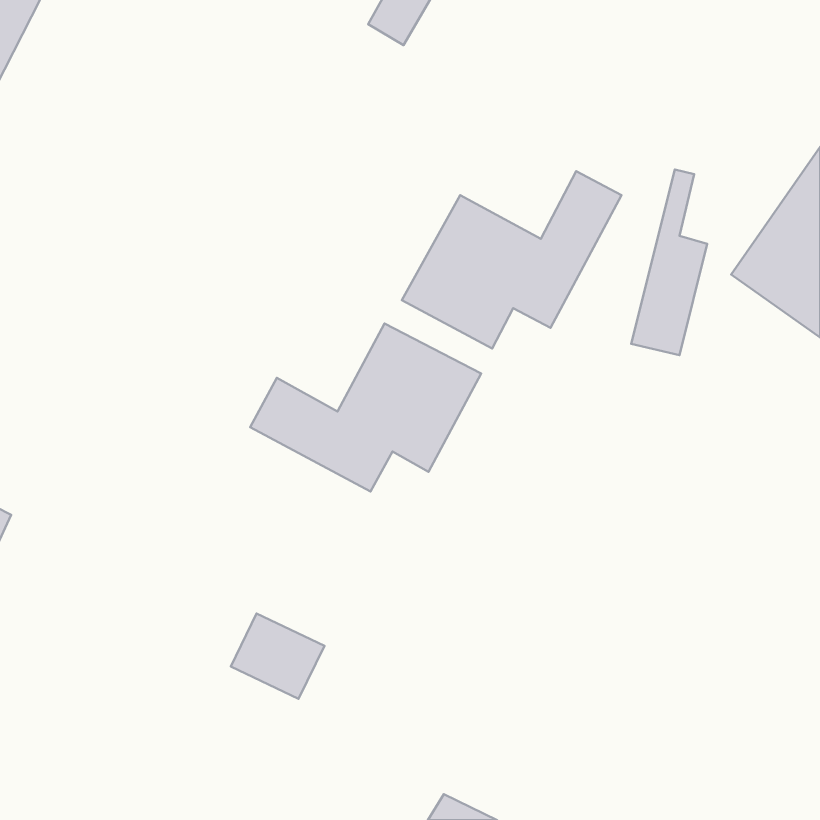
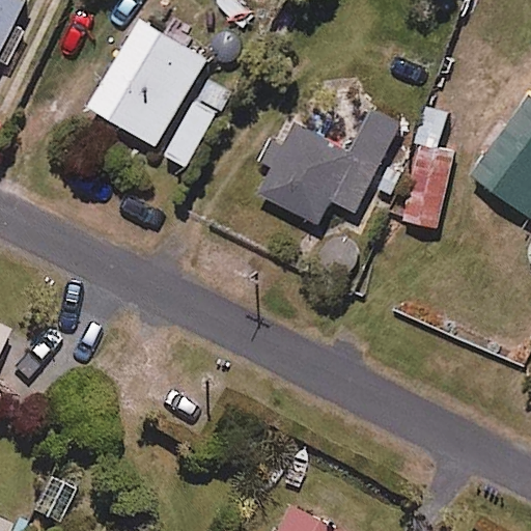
building: none -> [87,18,206,146]
building: [250,323,481,492] -> none

